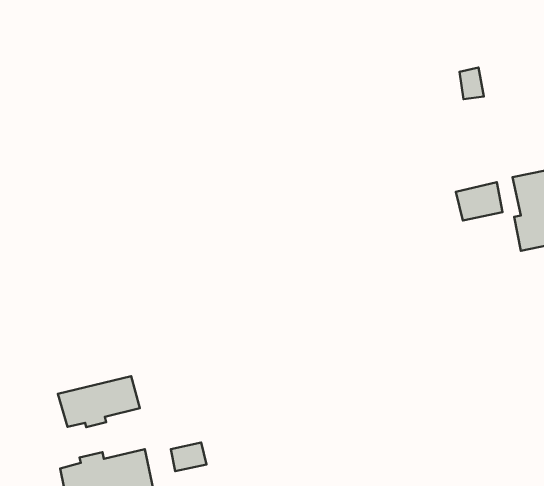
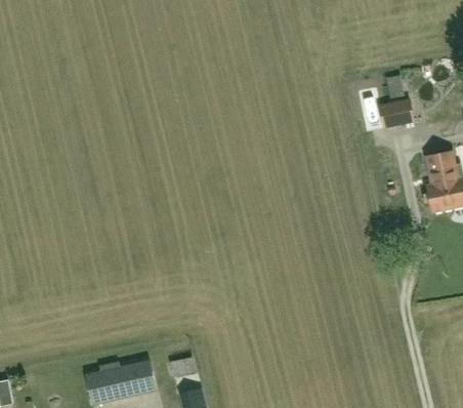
building: [456,182,502,221] -> [379,98,414,127]
building: [58,376,140,427] -> none

